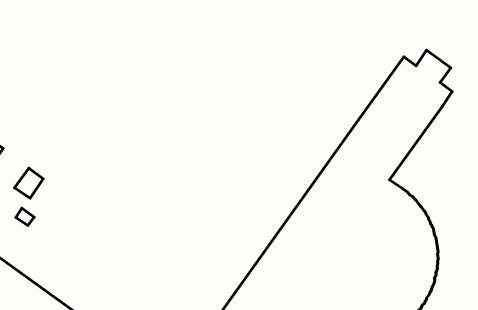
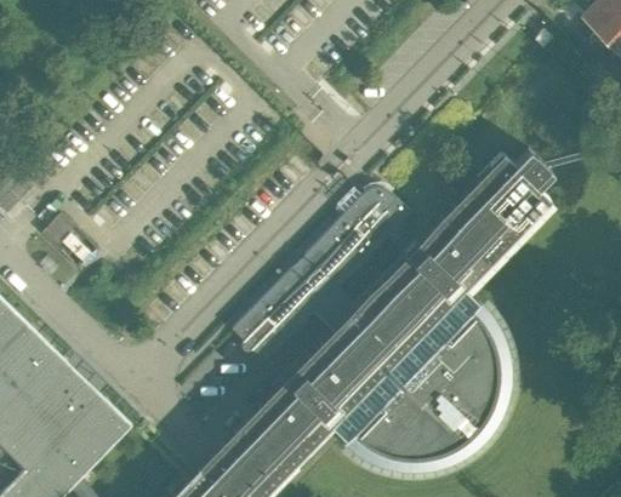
building: none -> [232,188,410,361]

